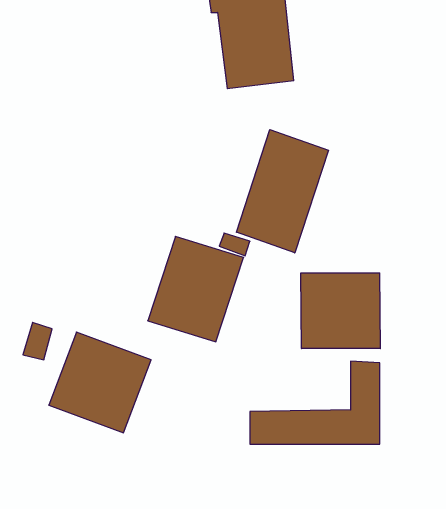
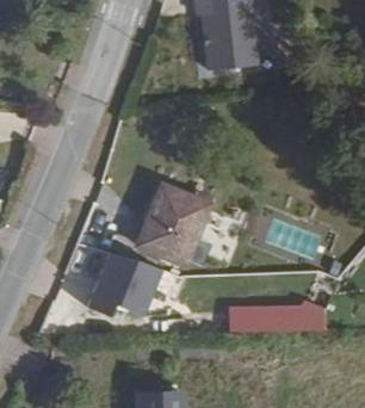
building: [236,130,328,253] -> none
building: [301,273,380,349] -> none

